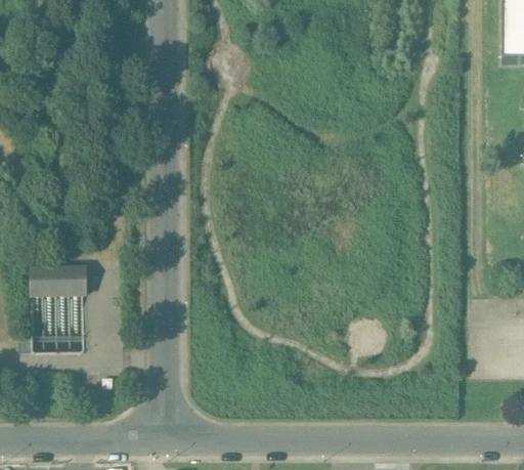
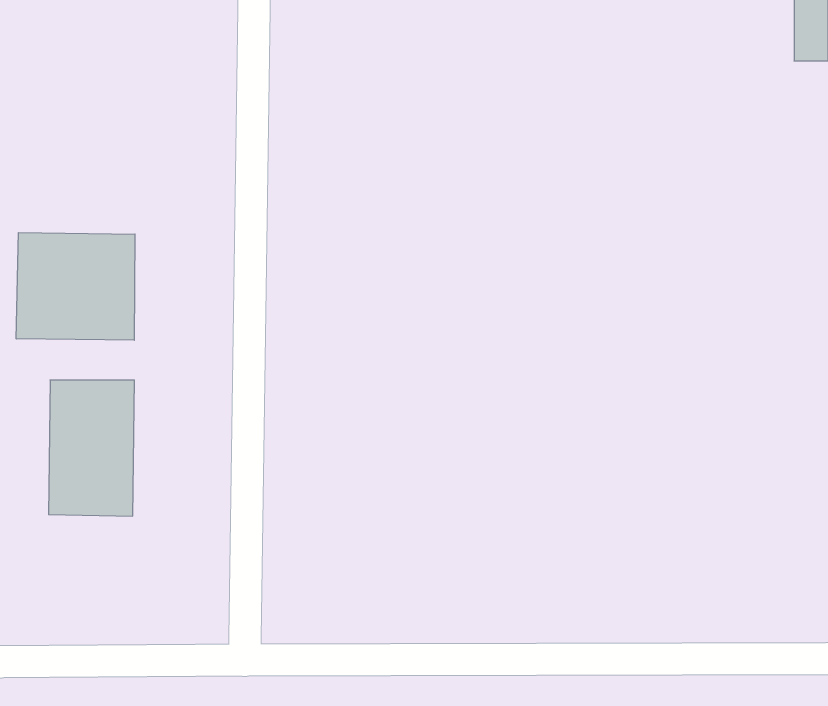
building: none -> [16,233,135,340]

